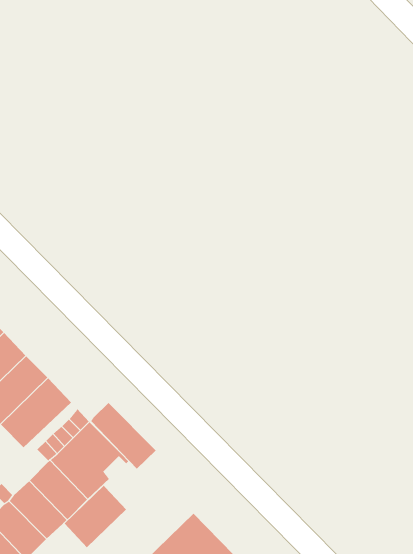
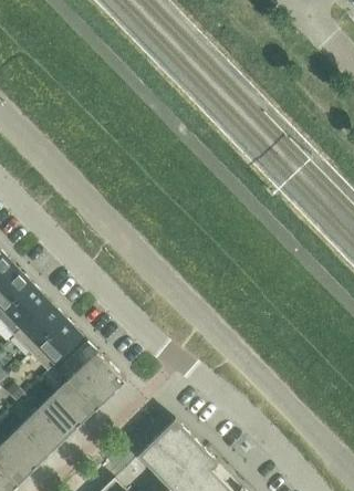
building: [91,402,157,470] -> none
building: [64,485,127,548] -> none

